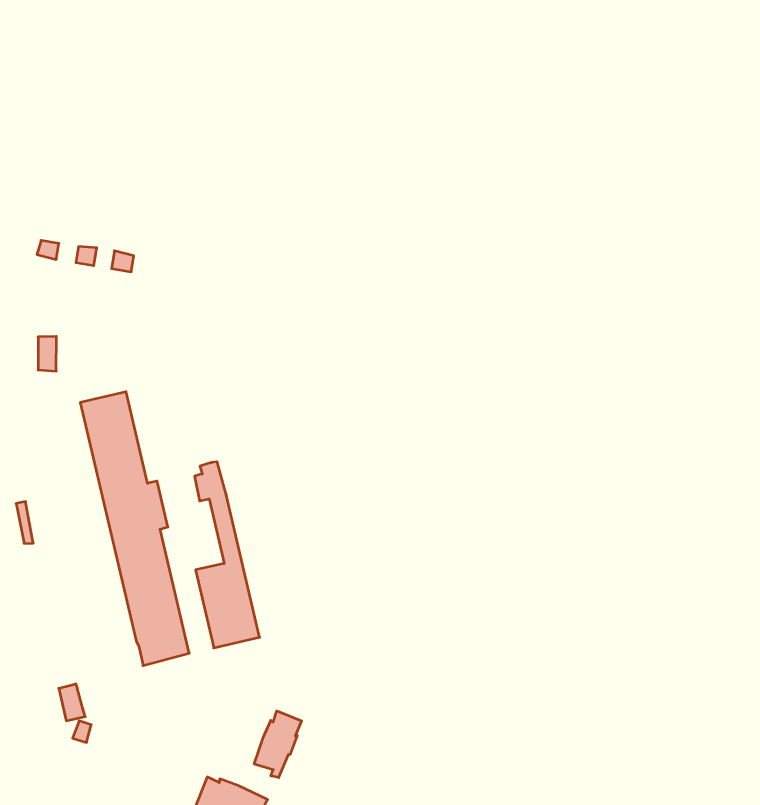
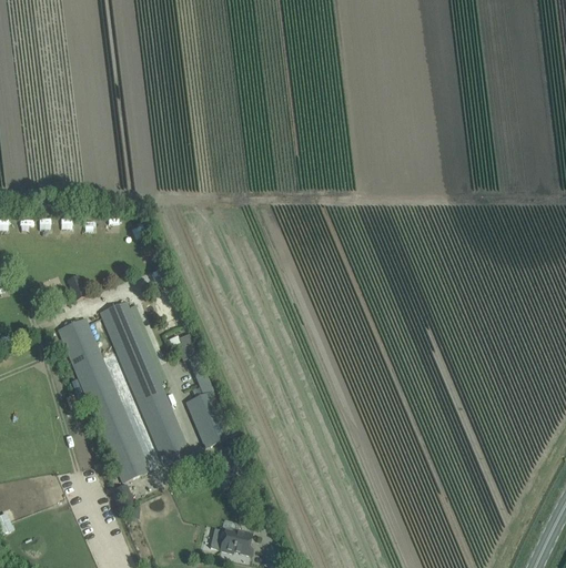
building: none -> [59,317,150,481]
building: [254,711,302,778] -> none

